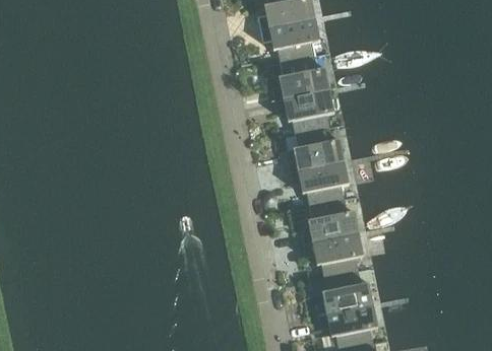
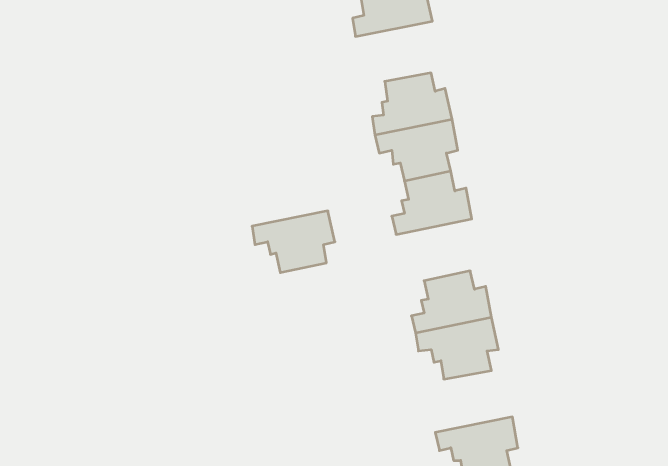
building: [261,19,321,63] -> none
building: [291,162,351,207] -> [252,211,335,273]
building: [317,272,375,317] -> none

